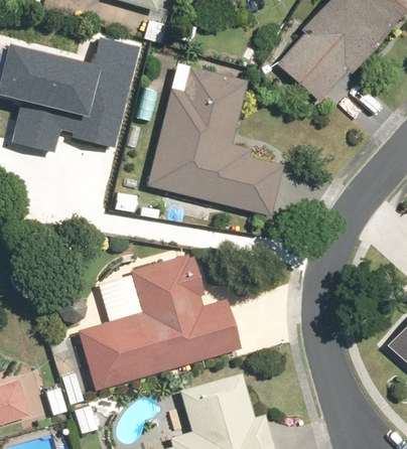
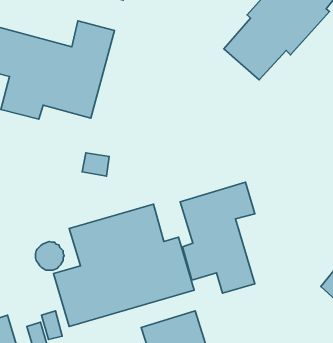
building: [147,69,282,213] -> none
building: none -> [180,182,255,293]

